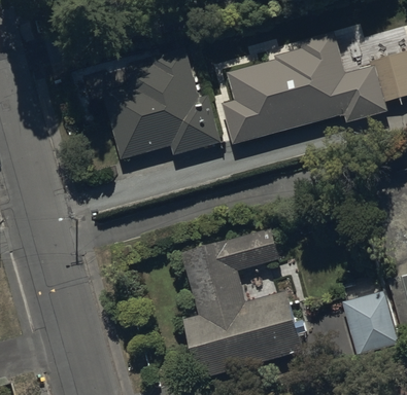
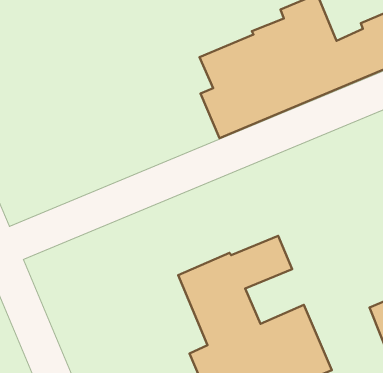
building: [101,41,222,152] -> none

